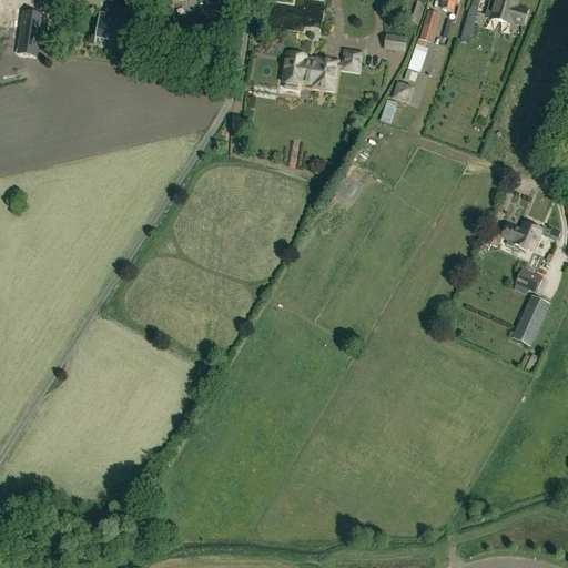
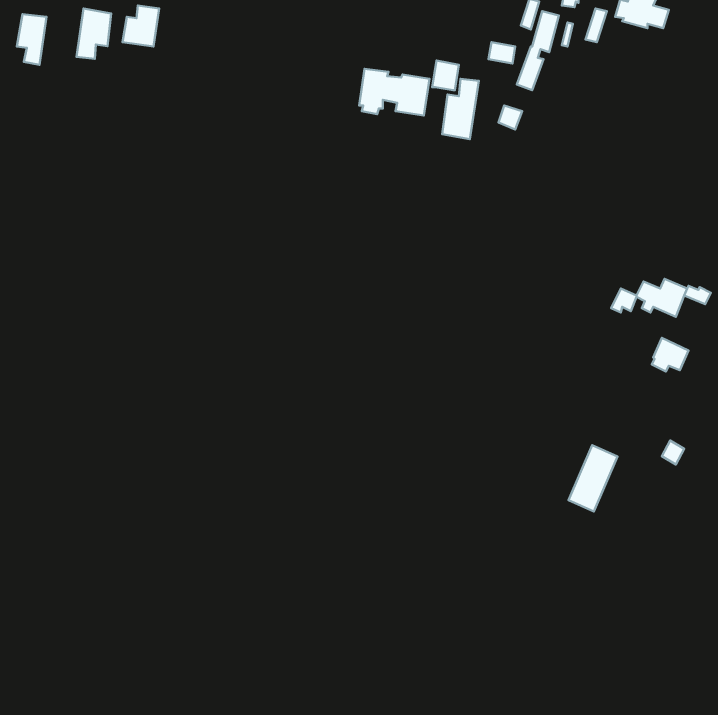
building: none -> [76,9,111,59]
building: none -> [442,79,479,139]
building: [513,294,551,346] -> [568,445,618,511]

